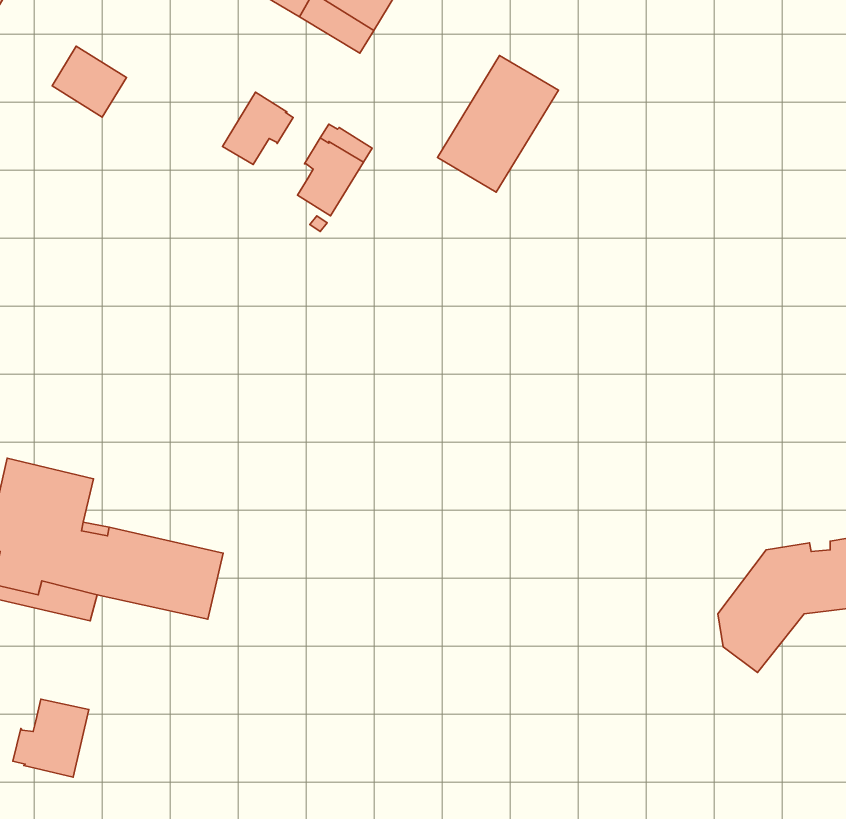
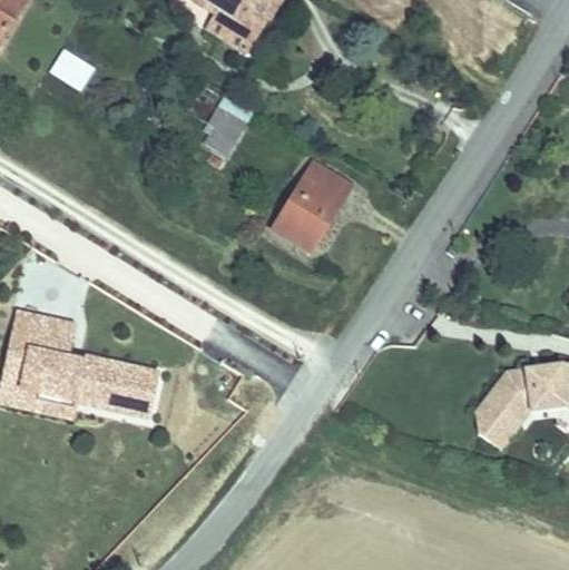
building: [437,56,558,192] -> [273,160,351,248]
building: [222,92,293,165] -> none
building: [13,699,89,777] -> none

